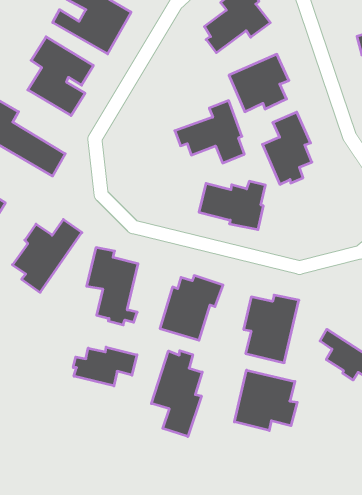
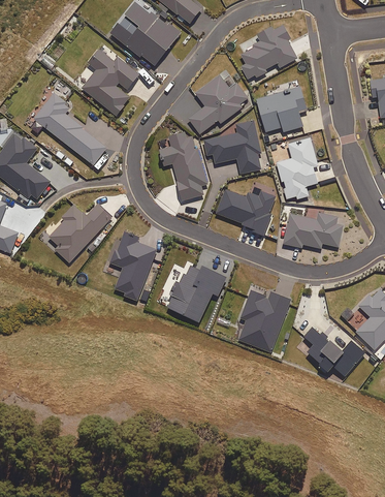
building: none -> [188,74,248,132]
building: none -> [159,130,207,199]
building: none -> [283,212,343,248]
building: [73,347,137,386] -> none
building: [151,351,202,437] -> none
building: [234,370,297,431] -> none

